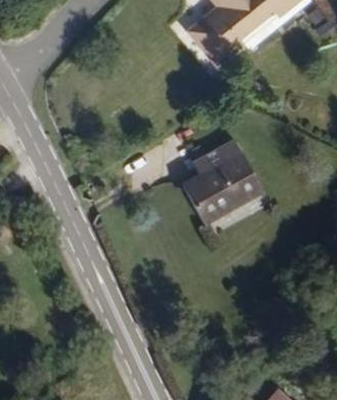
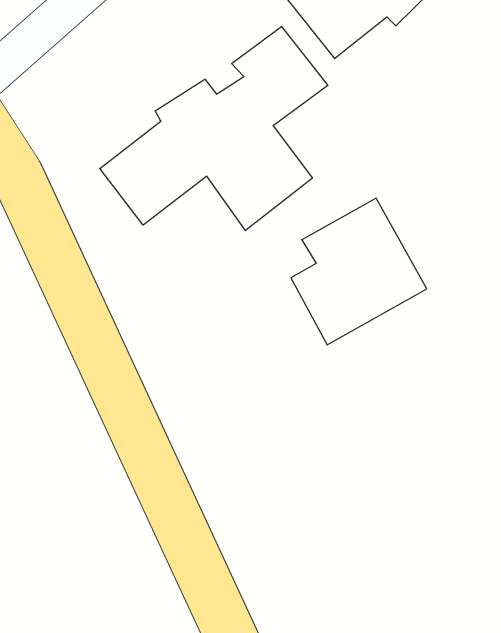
building: none -> [100,26,328,231]

